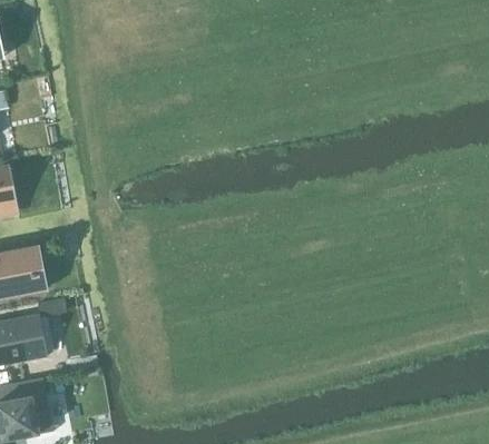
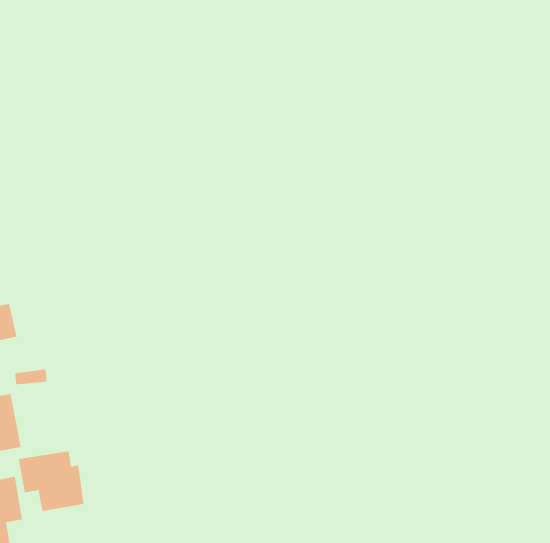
building: none -> [18,450,84,512]

